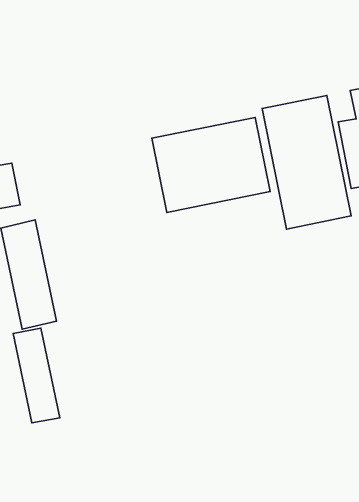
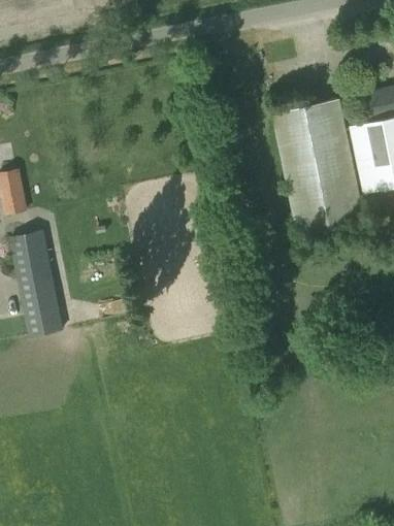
building: [152,117,270,212] -> none
building: [13,328,60,423] -> none

